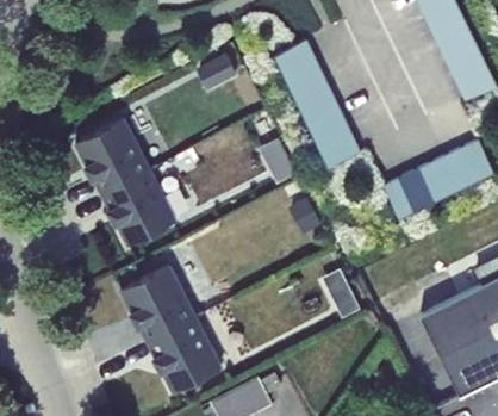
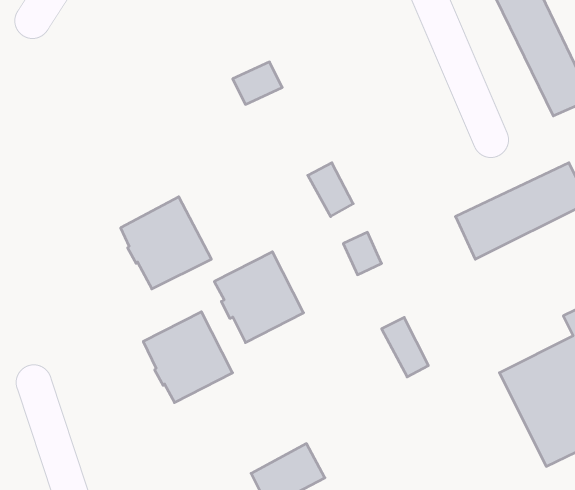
building: [273,38,360,167] -> none
building: [75,117,150,194] -> none
building: [147,316,222,392] -> [214,252,304,343]

